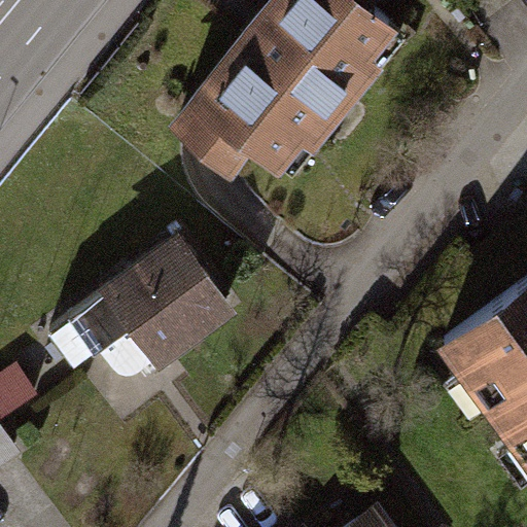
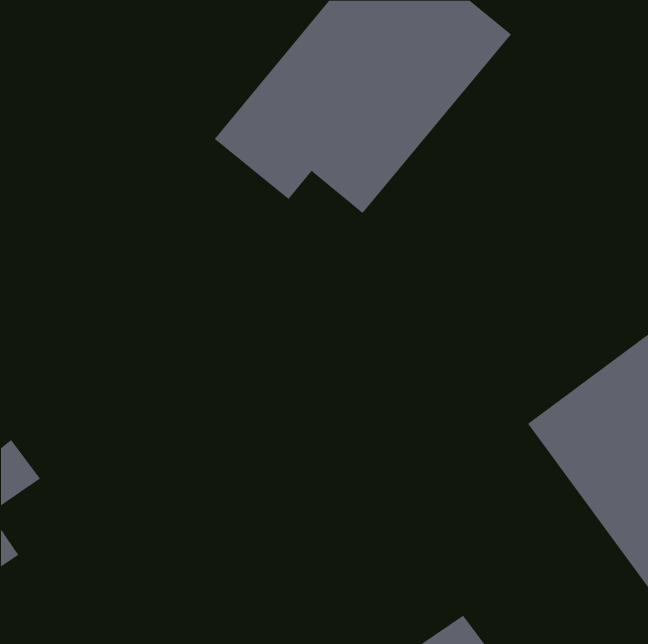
building: [38,231,236,397] -> none

